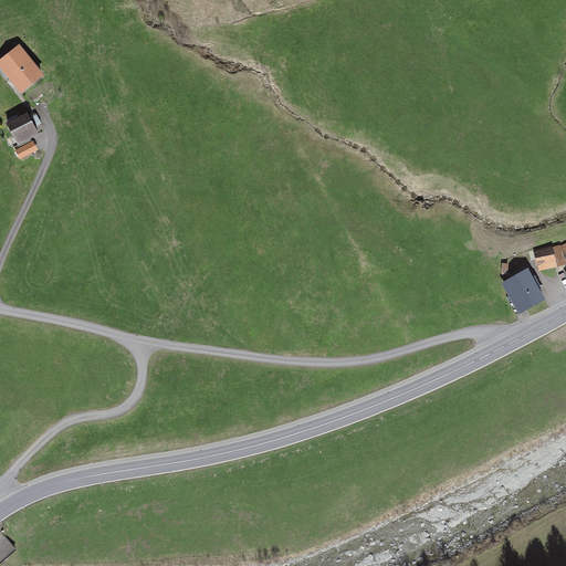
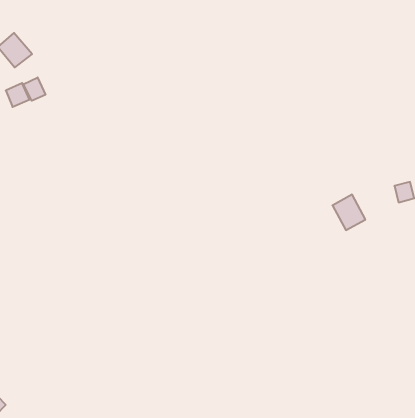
building: none -> [24,77,45,101]
building: [502,269,546,316] -> [332,195,365,230]

